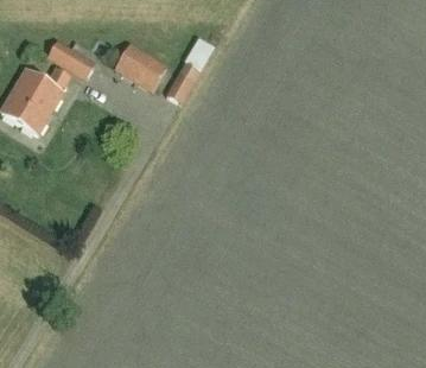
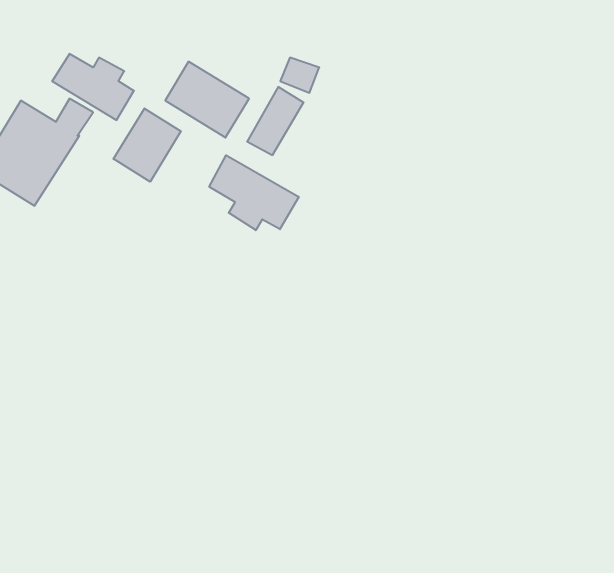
building: none -> [113,108,181,182]
building: none -> [209,155,299,230]

